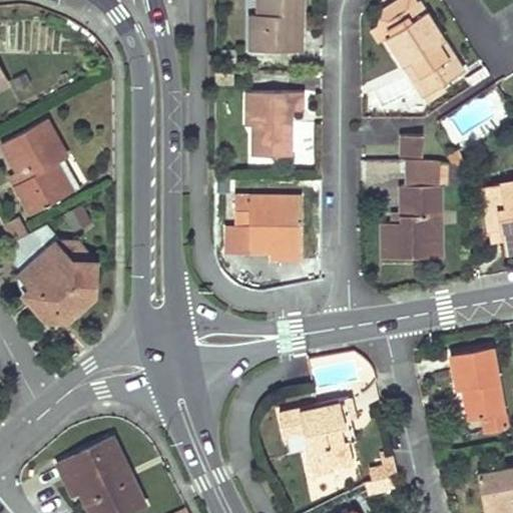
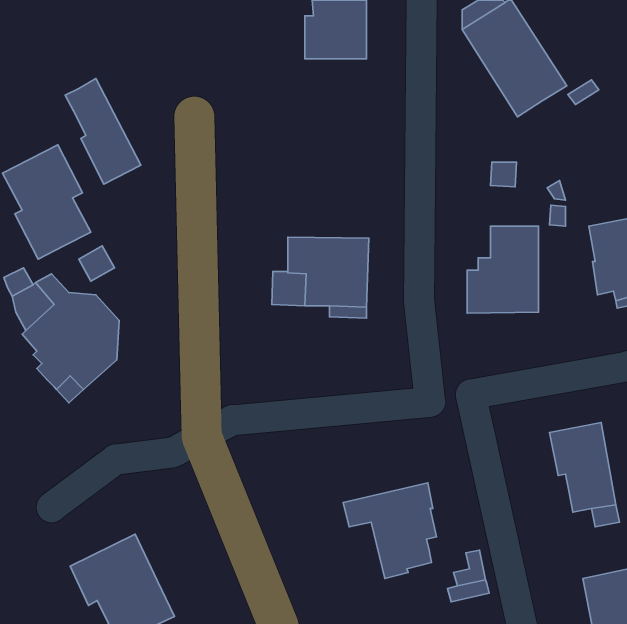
building: none -> [65,79,141,184]
building: [247,92,302,155] -> none
building: [400,161,440,187] -> none

